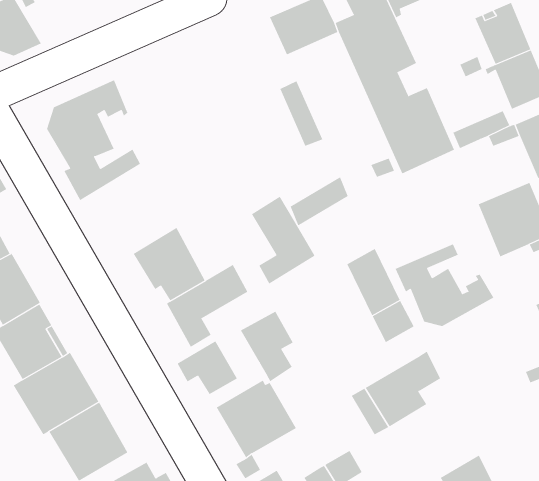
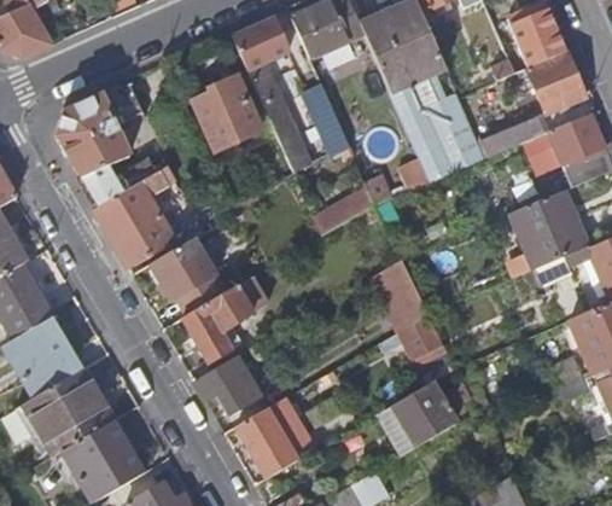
building: none -> [233,19,310,173]
building: none -> [193,75,258,149]
building: none -> [93,165,175,268]
building: [251,196,315,284] -> none
building: [395,243,494,327] -> none
building: [240,311,293,382] -> none

